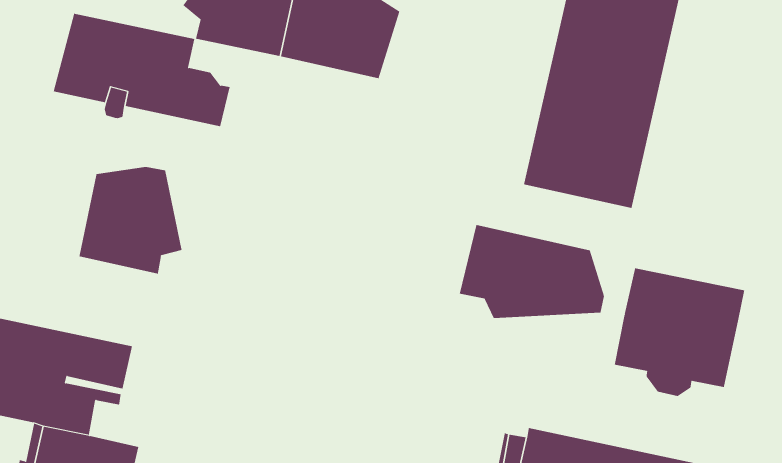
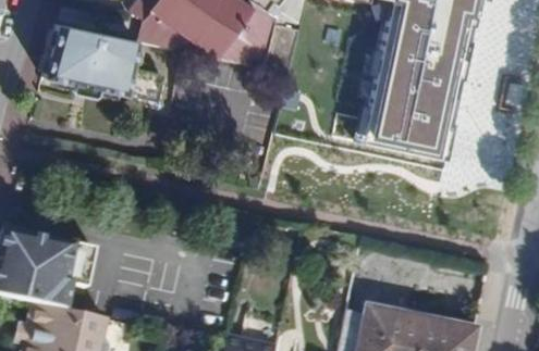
building: [79,166,182,274] -> none
building: [459,224,604,319] -> none
building: [614,268,745,397] -> none

